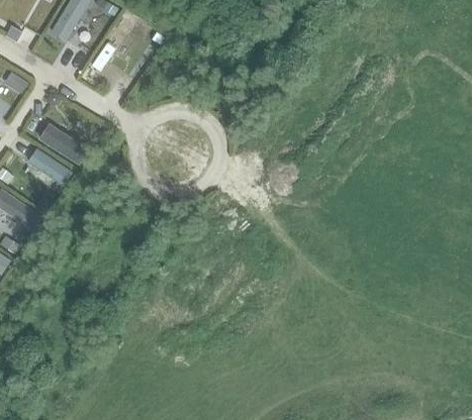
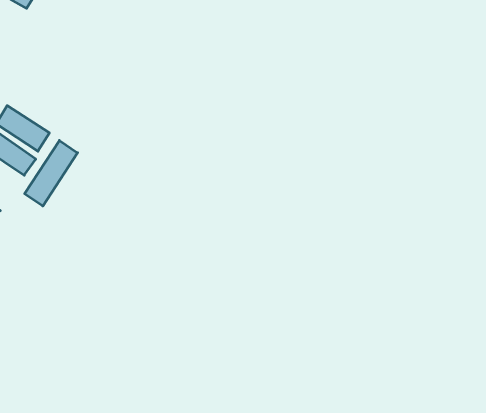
building: none -> [25,140,78,206]

